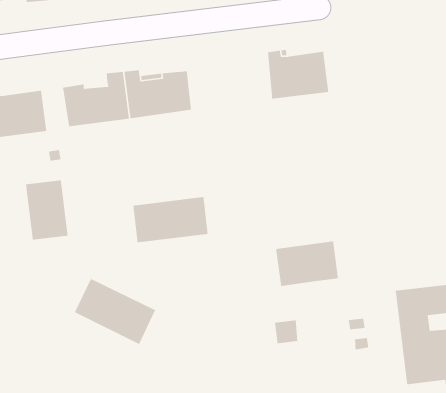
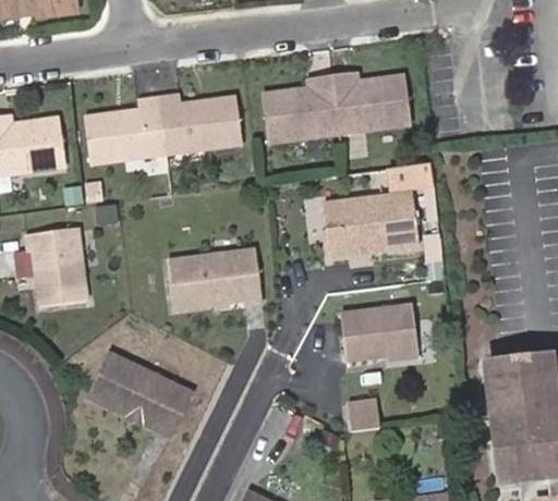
building: none -> [259,73,337,140]
building: none -> [323,193,420,256]

